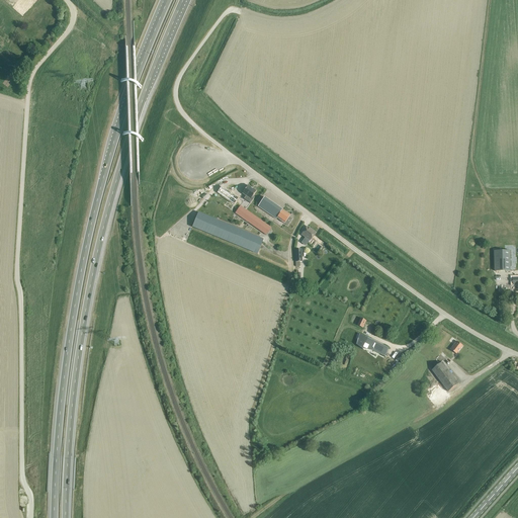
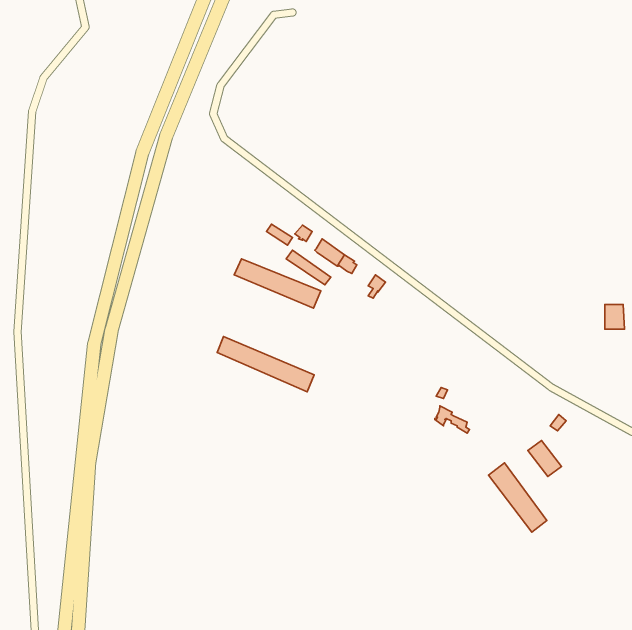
building: none -> [217,336,314,392]
building: none -> [488,463,547,532]

